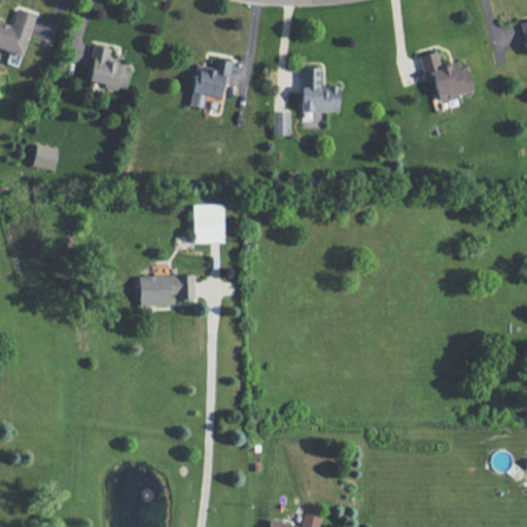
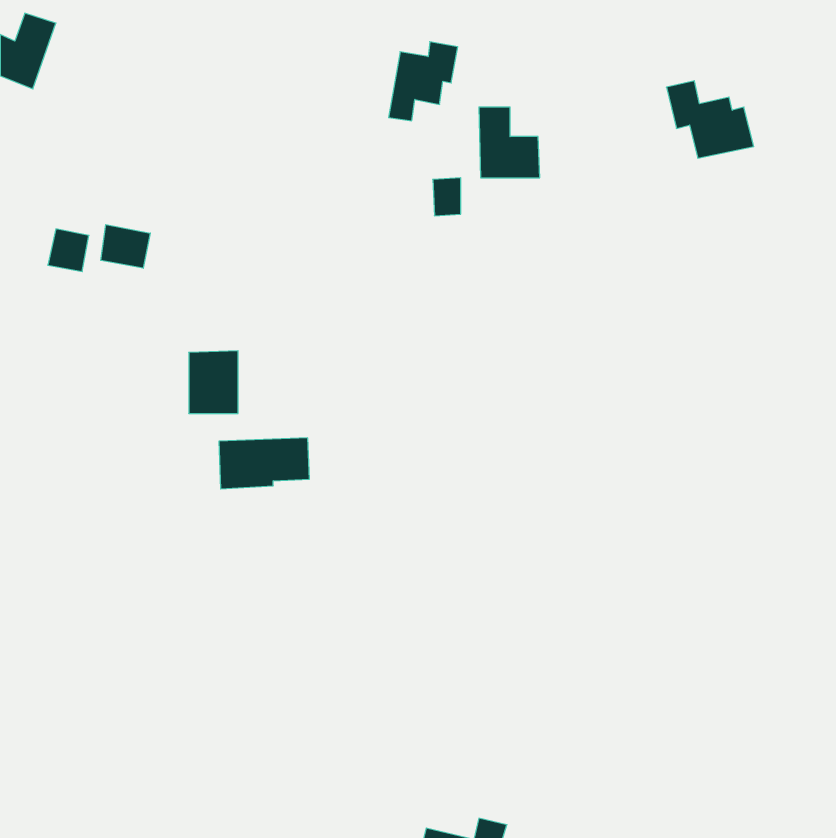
building: [89,46,132,91] -> none
building: [190,60,234,109] -> [389,42,458,121]
building: none -> [101,225,150,268]
building: [195,205,225,244] -> [189,351,238,413]

